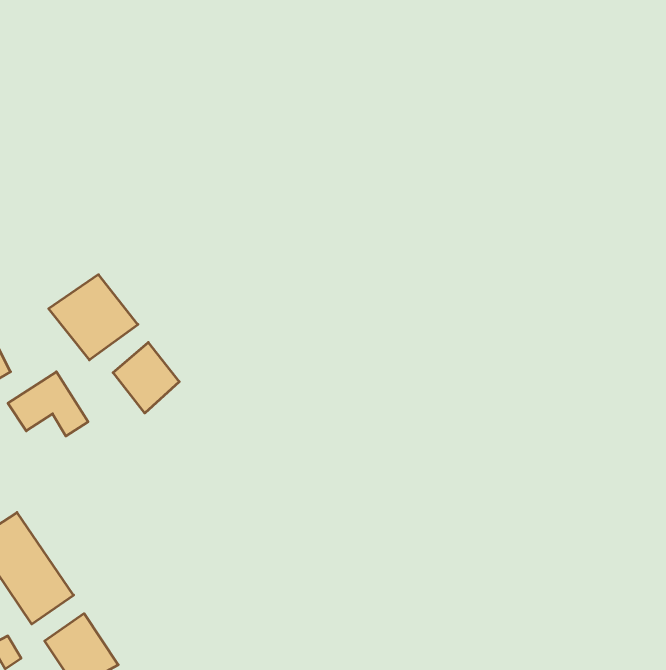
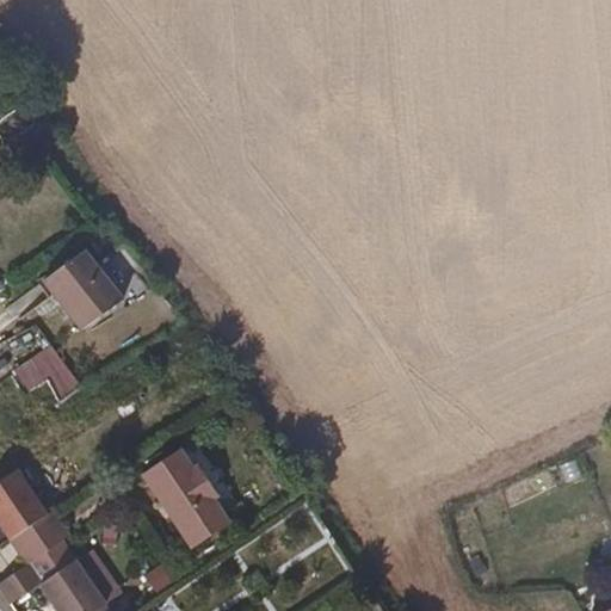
building: [113,342,179,413] -> none
building: none -> [142,448,235,553]

